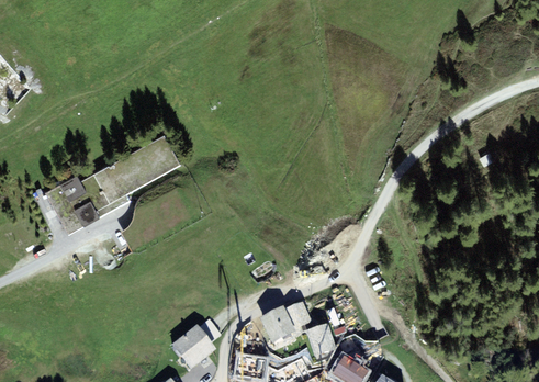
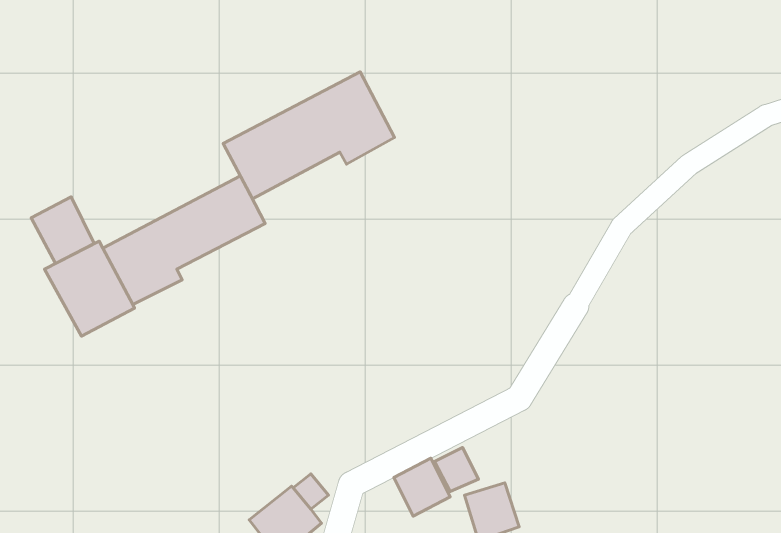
building: none -> [223,72,394,199]
building: none -> [31,197,94,263]

